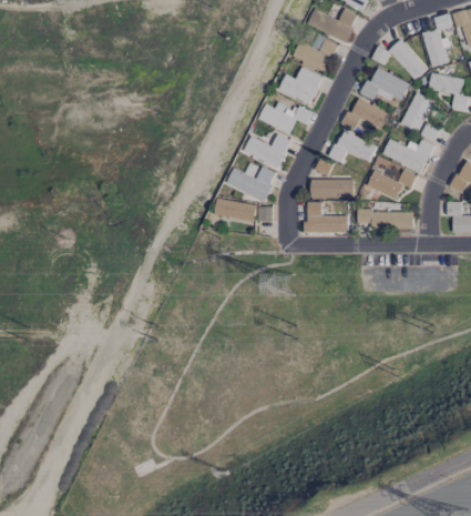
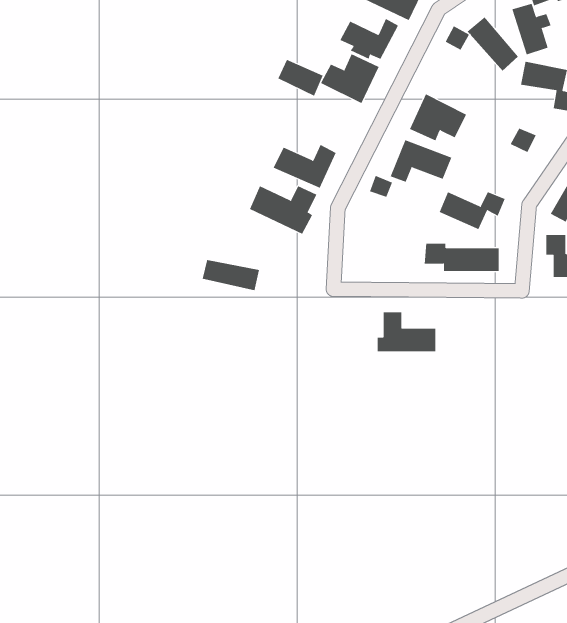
building: [359,68,409,101] -> none
building: [401,92,434,132] -> none
building: [263,107,297,134] -> [278,59,323,96]
building: [382,139,432,171] -> none
building: [310,179,354,198] -> none
building: [214,198,257,221] -> [202,260,260,291]
building: [303,203,347,233] -> [377,312,436,352]

